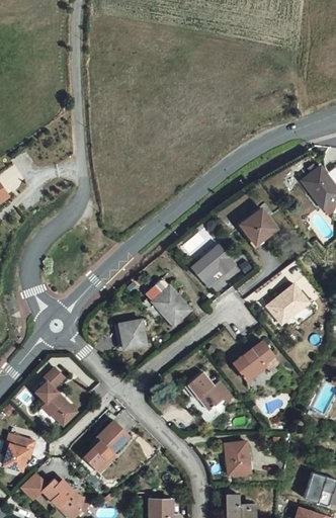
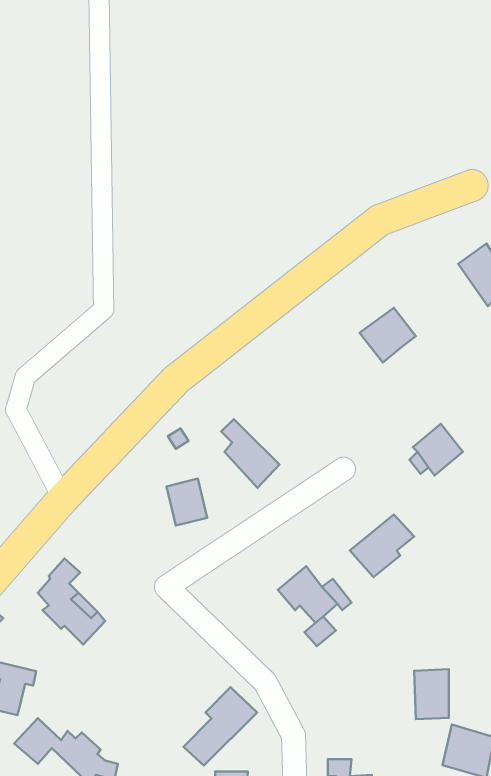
building: [194,245,258,281] -> none
building: [81,420,129,470] -> [183,687,257,766]
building: [228,446,250,479] -> [414,669,449,719]

